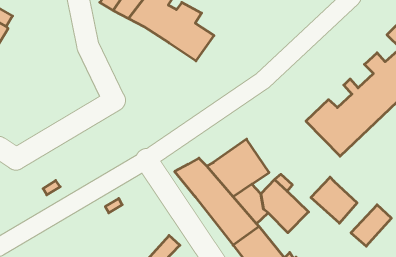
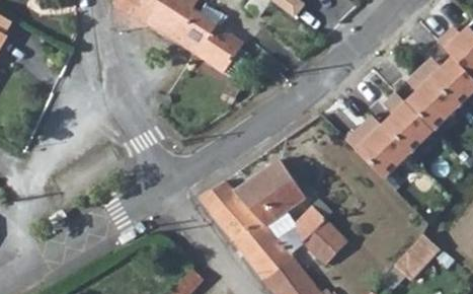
building: [311,177,357,223] -> none

